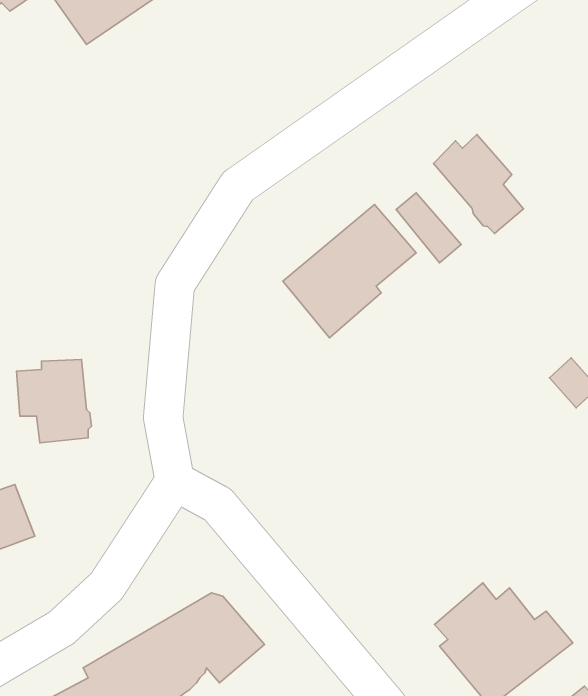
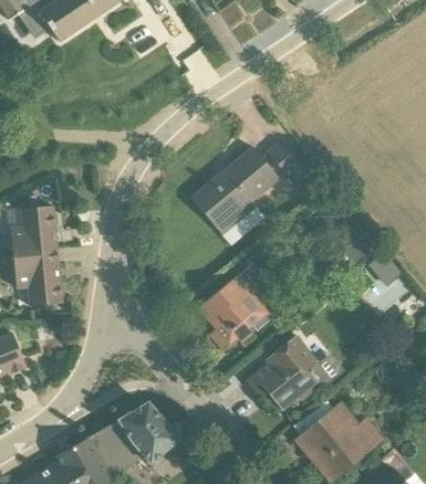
building: [434,135,523,234] -> none
building: none -> [10,206,56,257]
building: none -> [197,263,272,349]
building: none -> [245,334,342,410]

